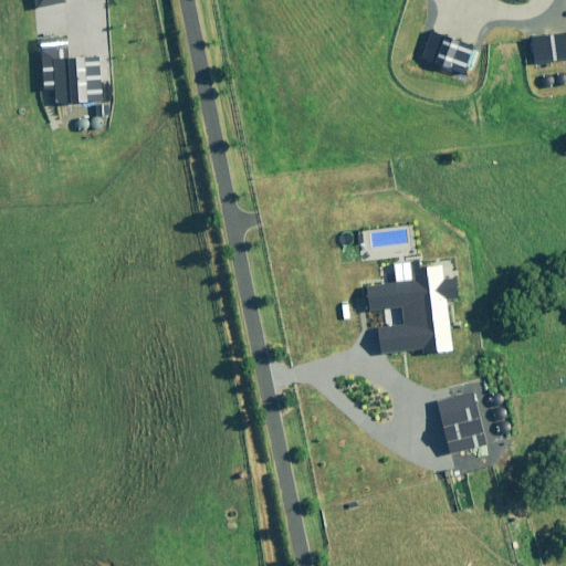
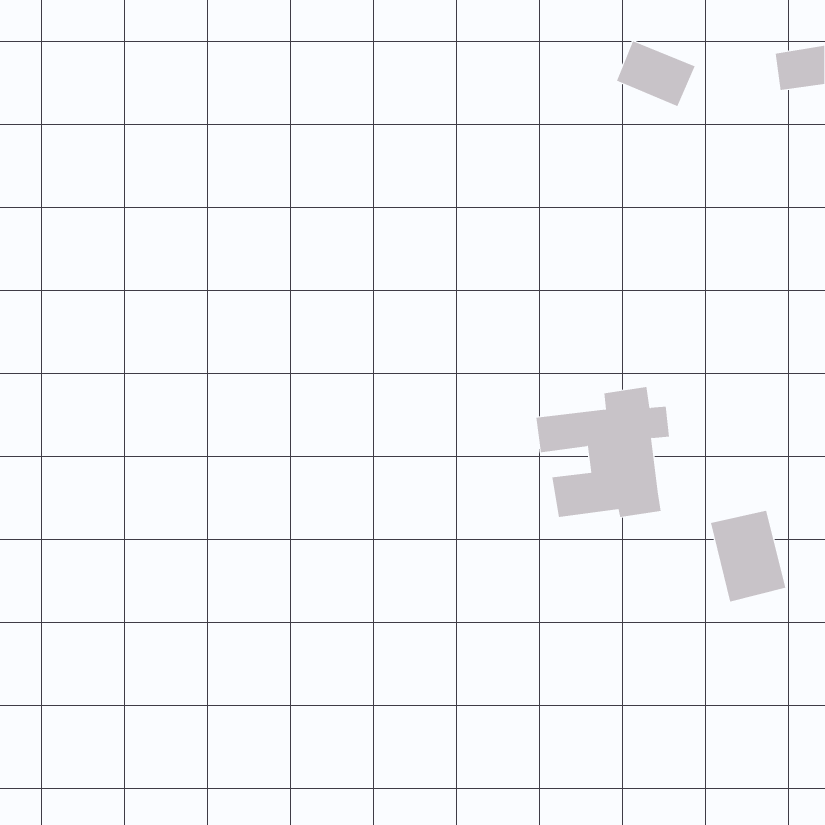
building: [41,50,99,103] -> none
building: [437,394,489,457] -> [710,510,786,602]

